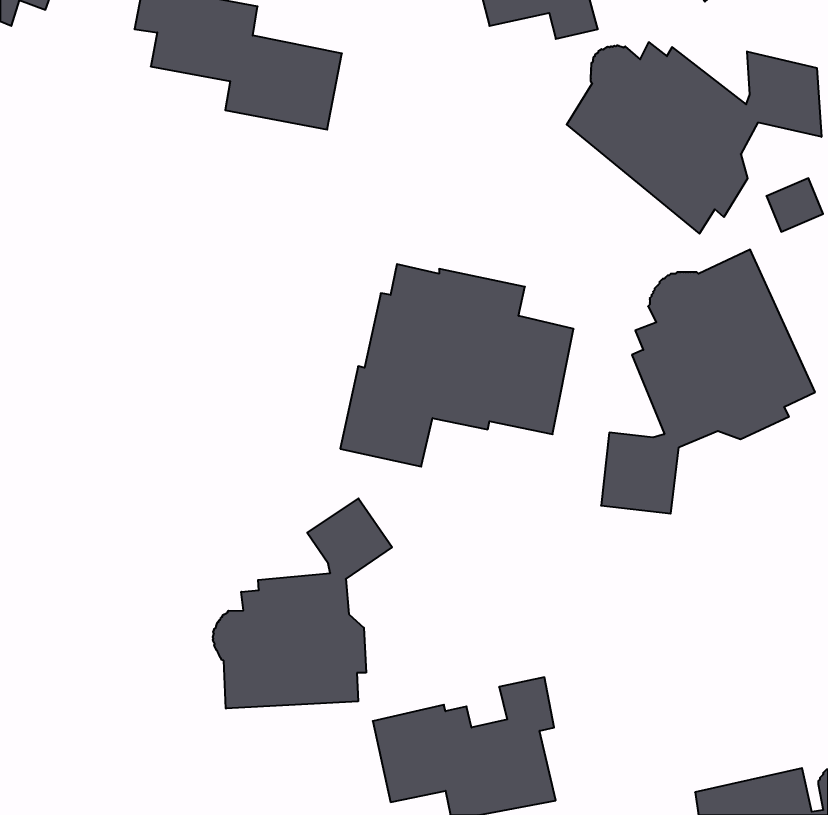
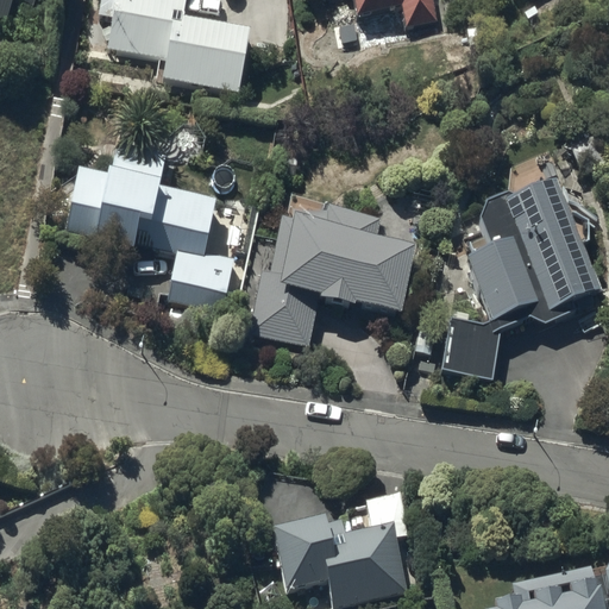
building: [567,42,821,234] -> none
building: none -> [65,142,233,312]
building: [213,498,392,709] -> none

